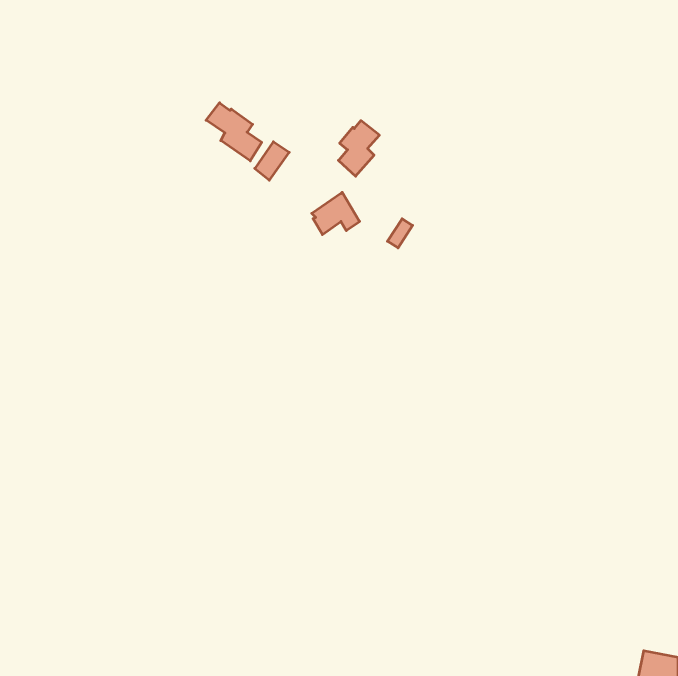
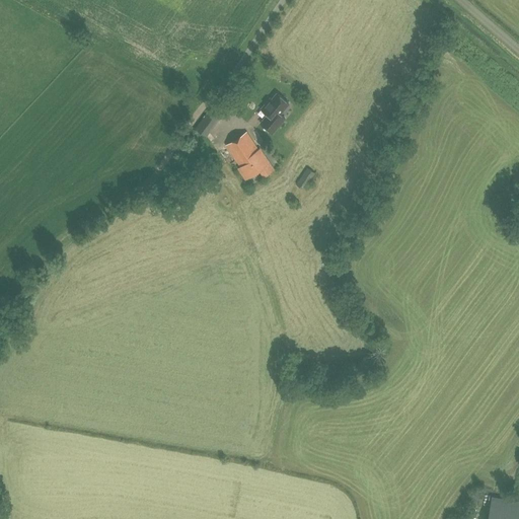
building: [206,103,262,161] -> none
building: none -> [226,133,261,164]

